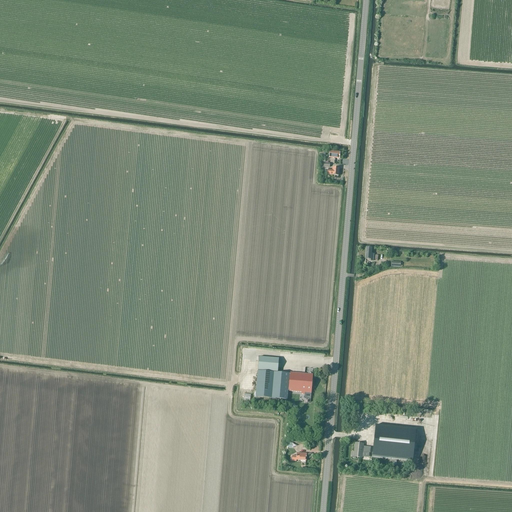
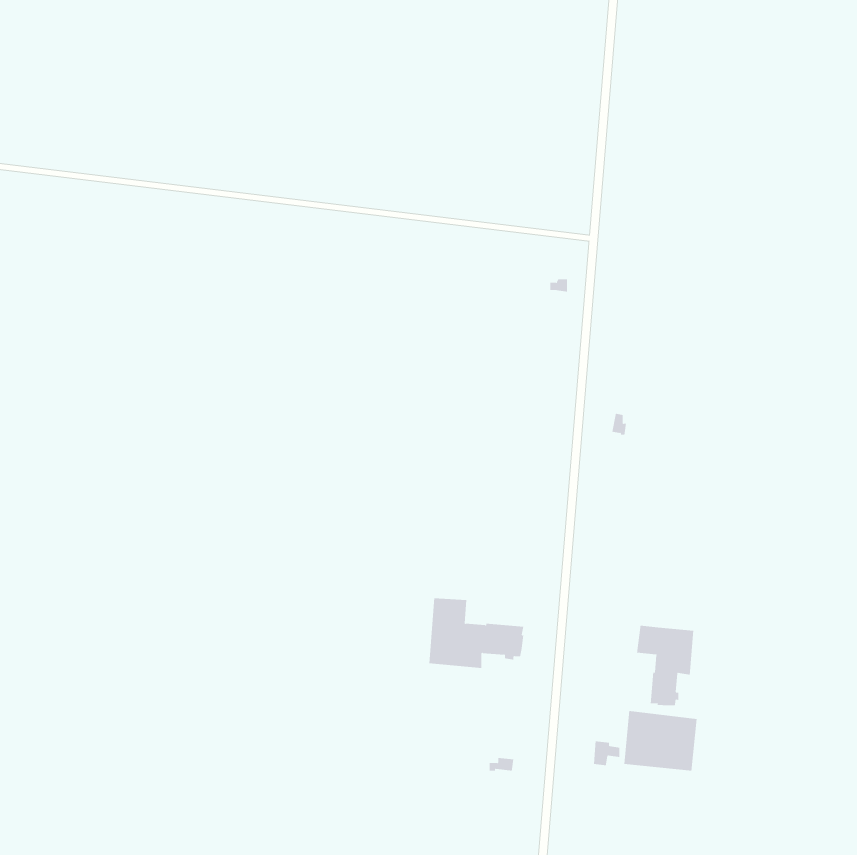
building: none -> [637,625,694,706]

